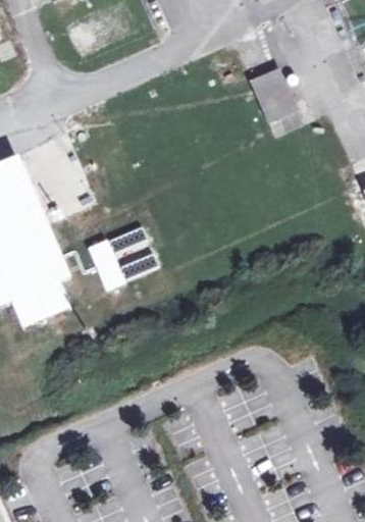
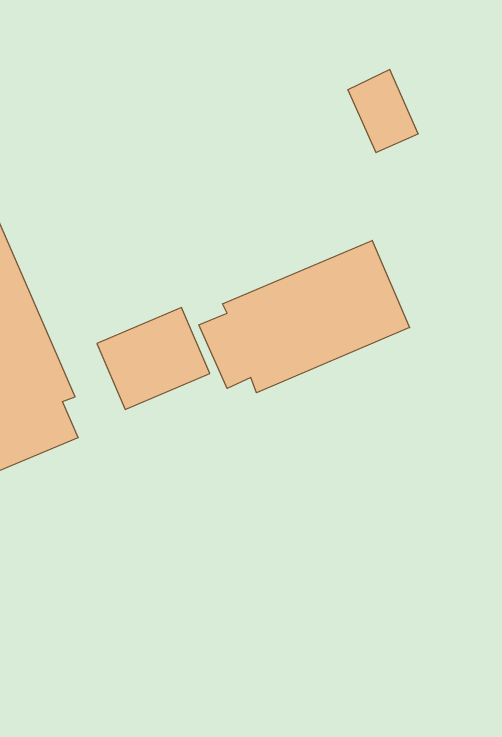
building: none -> [199,240,410,393]

